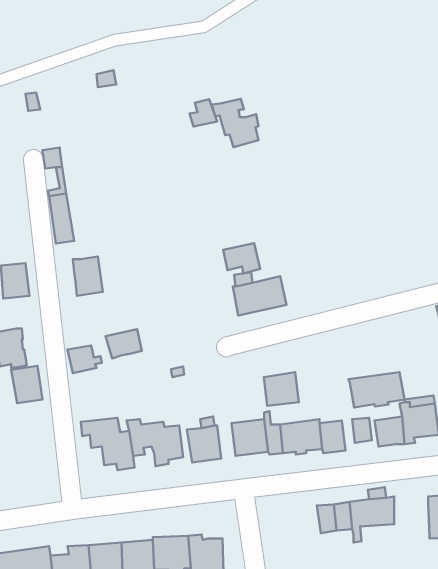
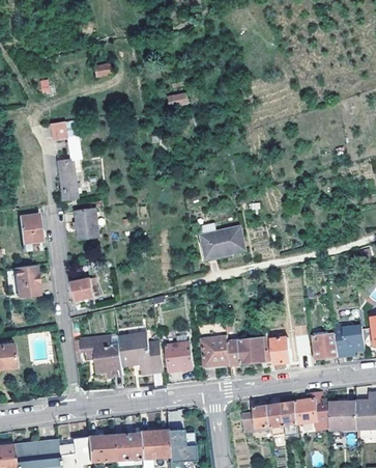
building: [212,99,259,147] -> none
building: [223,243,260,273] -> none
building: [106,329,142,359] -> none
building: [11,366,42,403] -> none
building: [264,372,299,406] -> none
building: [349,372,405,408] -> none
building: none -> [329,404,357,430]
building: none -> [242,406,271,431]

